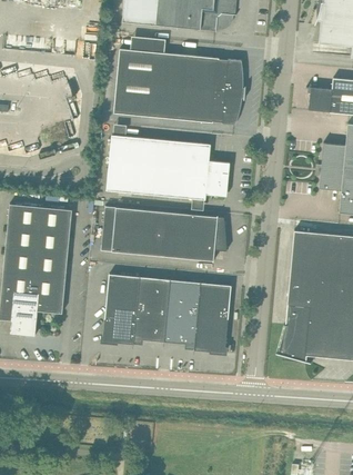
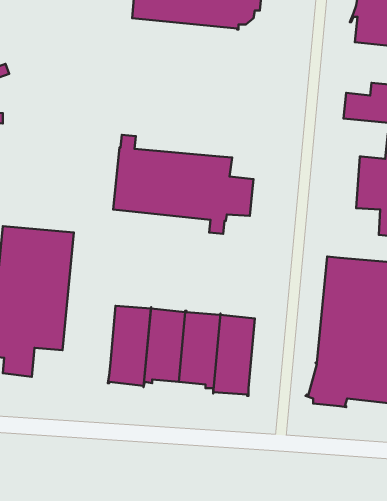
building: [113,37,243,125] -> none
building: [101,207,228,263] -> none

